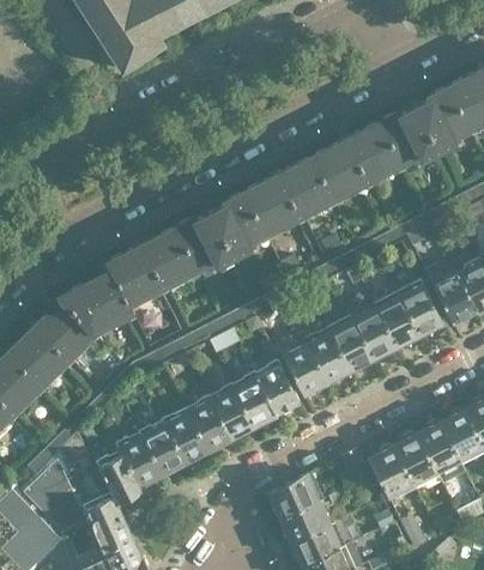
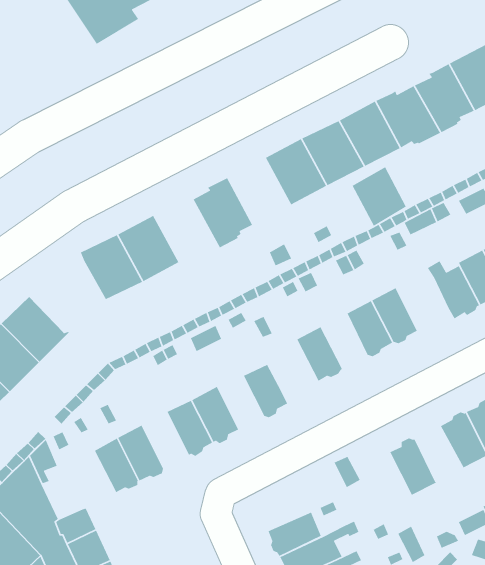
building: [243,174,302,236] -> none
building: none -> [351,166,407,227]
building: [175,212,236,271] -> none
building: [60,269,135,335] -> none
building: [399,281,442,334] -> none
building: [329,317,373,369] -> none
building: [283,341,327,393] -> none
building: [234,374,277,426] -> none
building: [164,408,207,461] -> none
building: [417,420,474,497] -> none
building: [369,444,413,497] -> none
building: [97,454,143,502] -> none
building: [268,473,321,519] -> none

